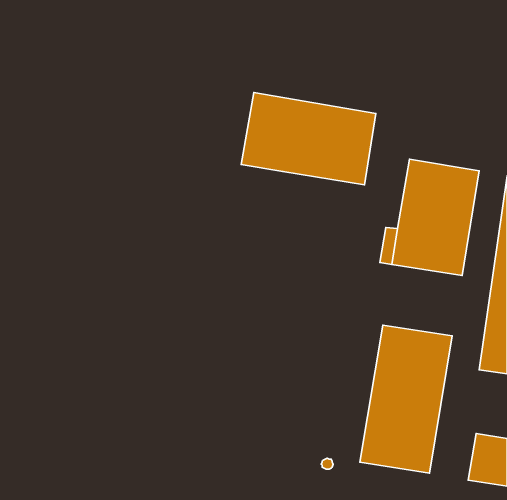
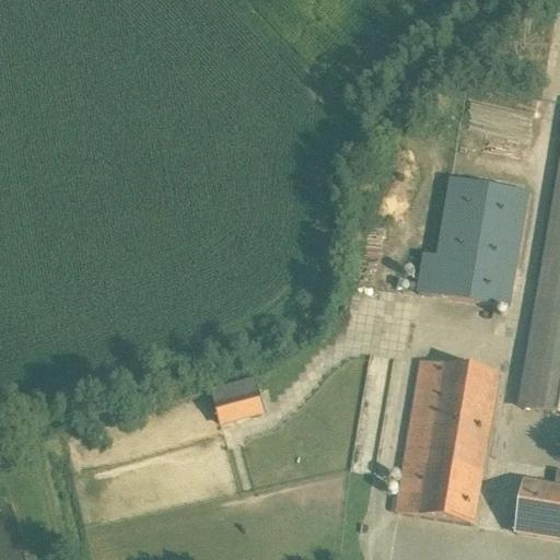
building: [241,93,376,185] -> none
building: none -> [212,380,258,418]

